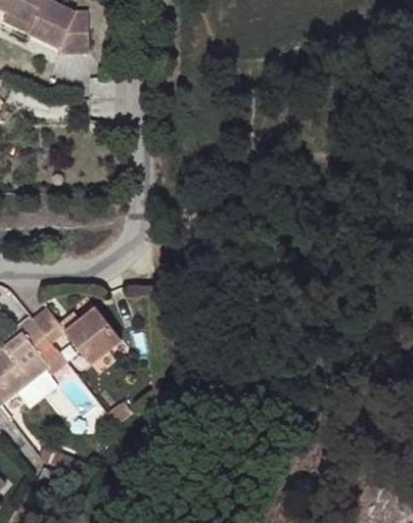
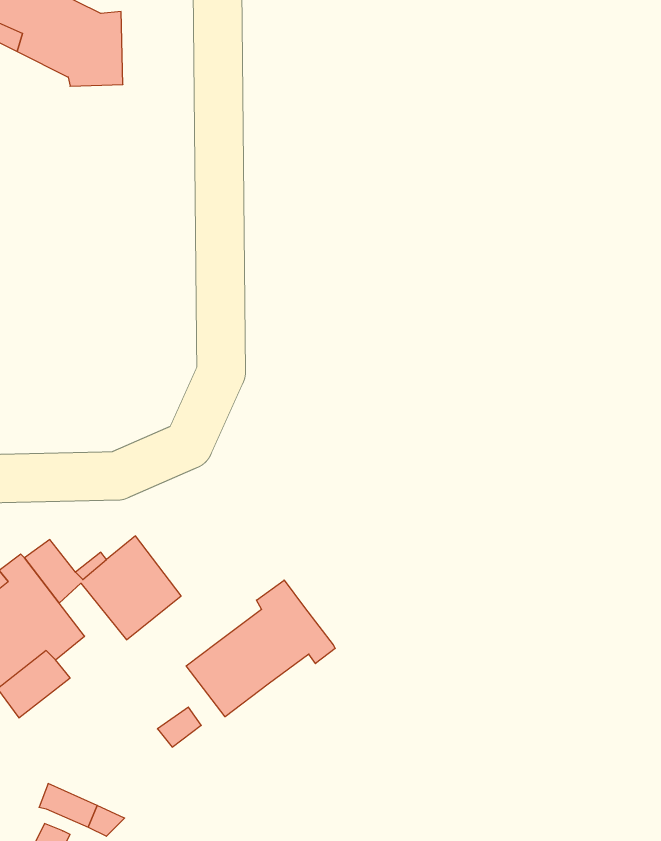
building: none -> [186,580,335,717]

